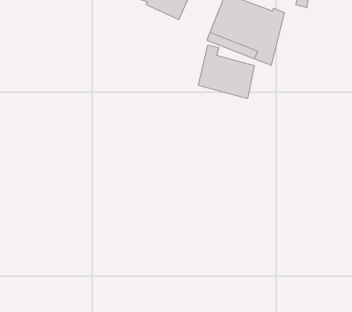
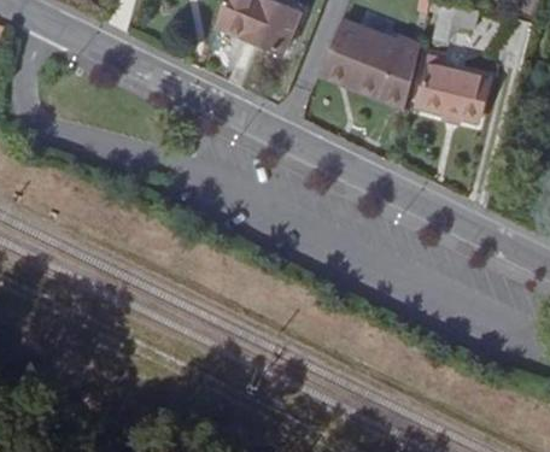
building: [198,45,254,98] -> [417,51,490,119]

